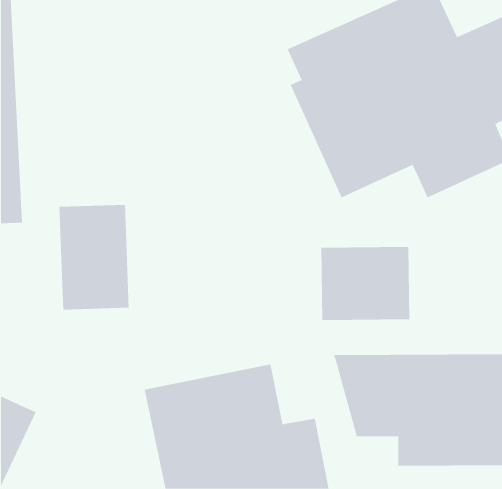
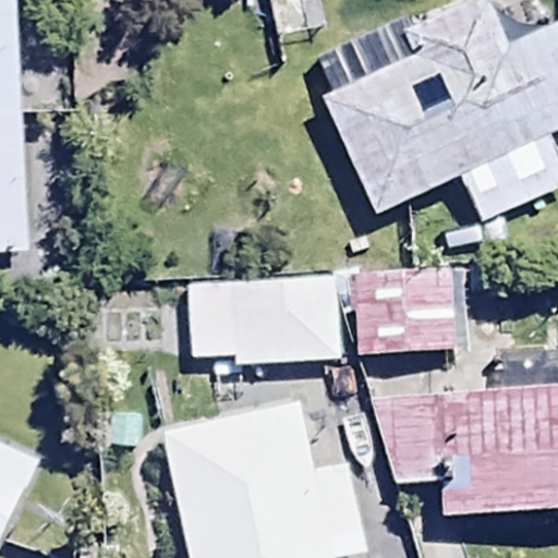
building: [59,204,129,310] -> none
building: none -> [185,271,339,365]

